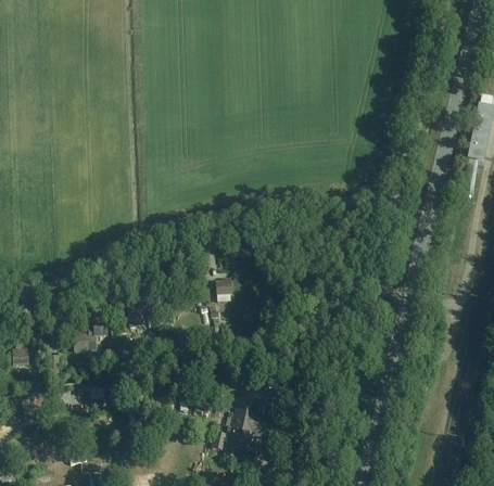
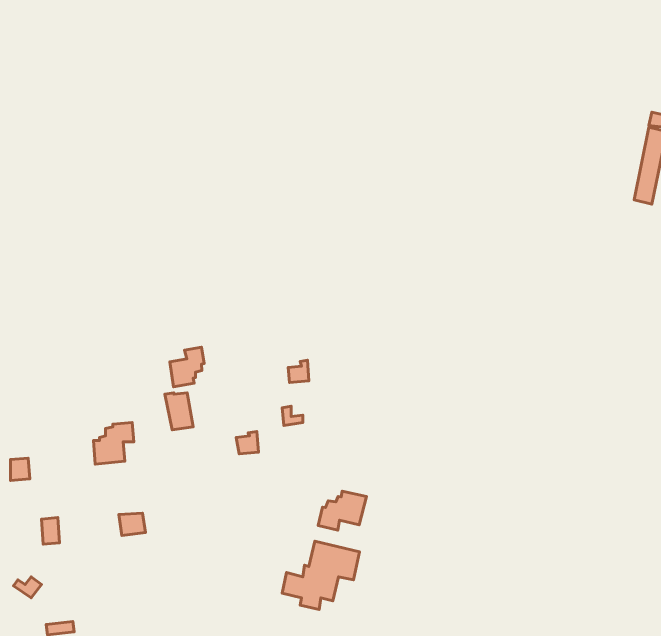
building: none -> [170,347,204,387]
building: none -> [318,491,366,530]

